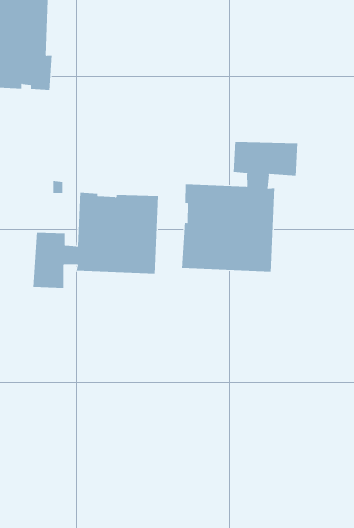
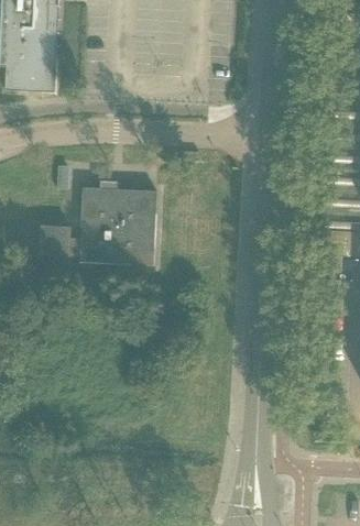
building: [182,141,298,272] -> none

